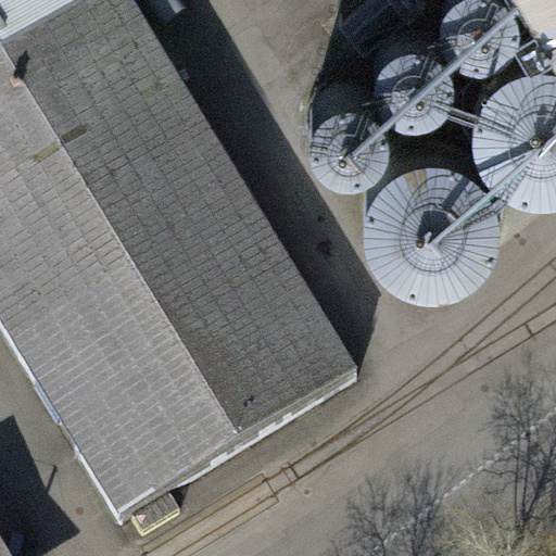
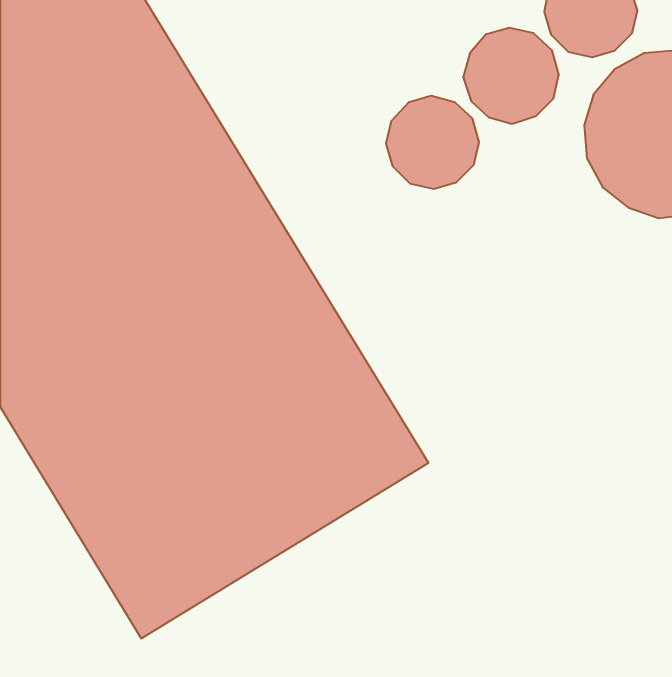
building: [375,137,509,271] -> none

